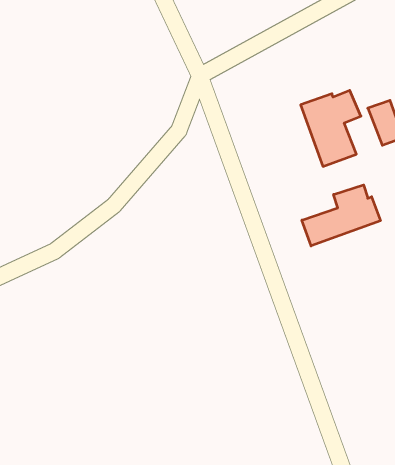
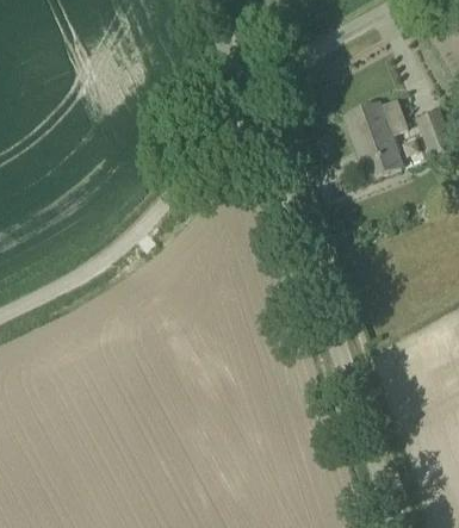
building: [302,185,380,246] -> none

